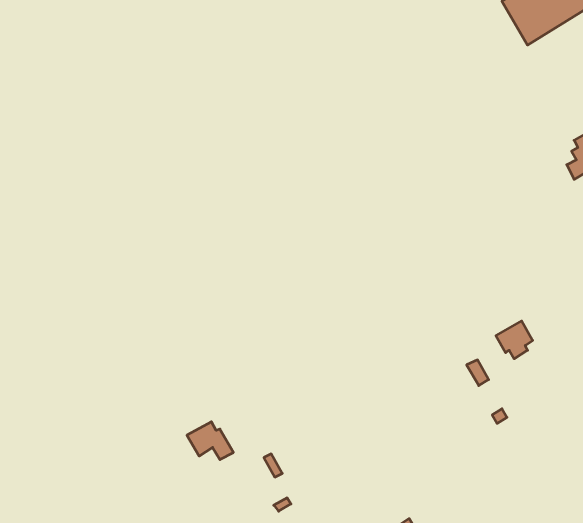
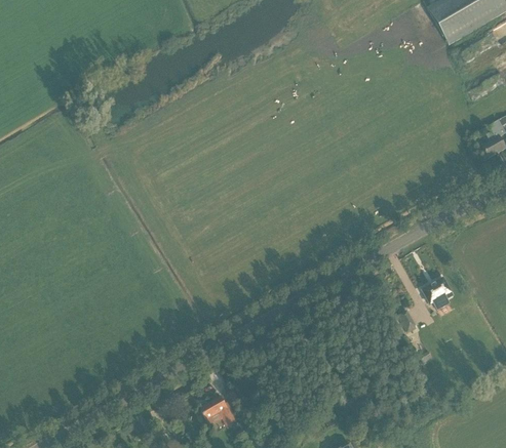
building: [187,422,233,460] -> [200,397,239,429]

